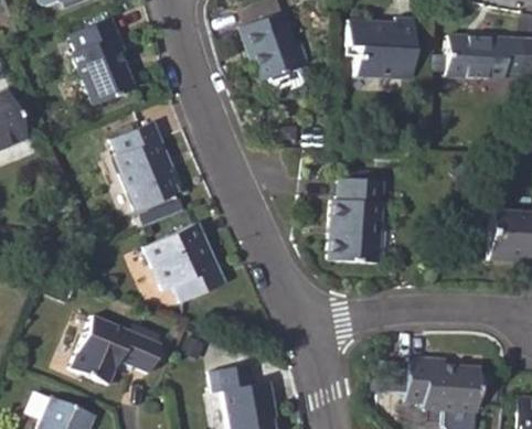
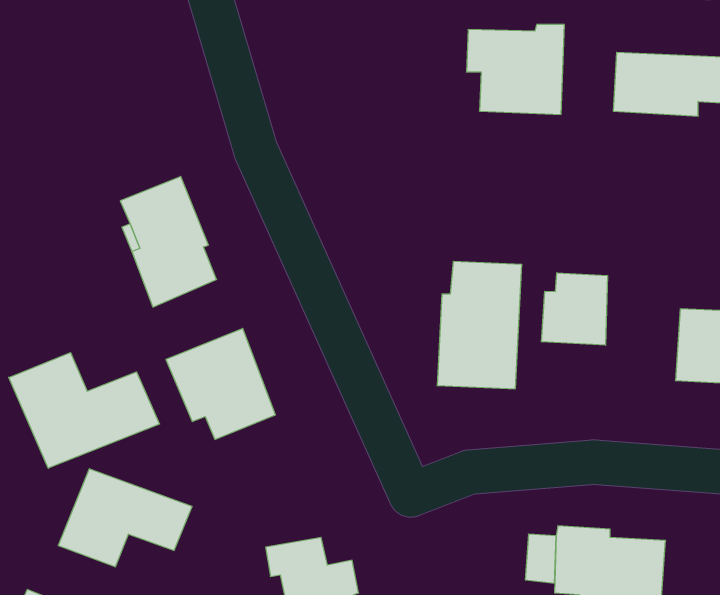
building: [242,13,307,94] -> none
building: [73,18,135,104] -> none
building: none -> [541,273,608,345]
building: none -> [9,353,159,468]

